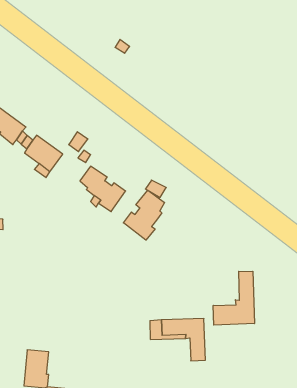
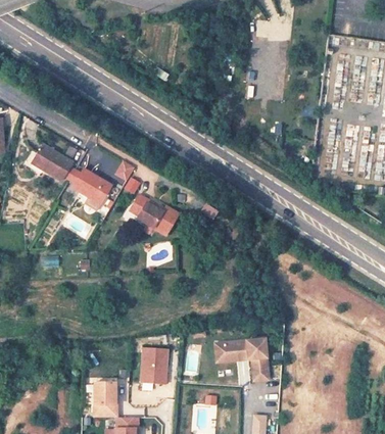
building: [123,190,165,240] -> none
building: [213,271,254,325] -> none
building: none -> [140,347,167,383]

